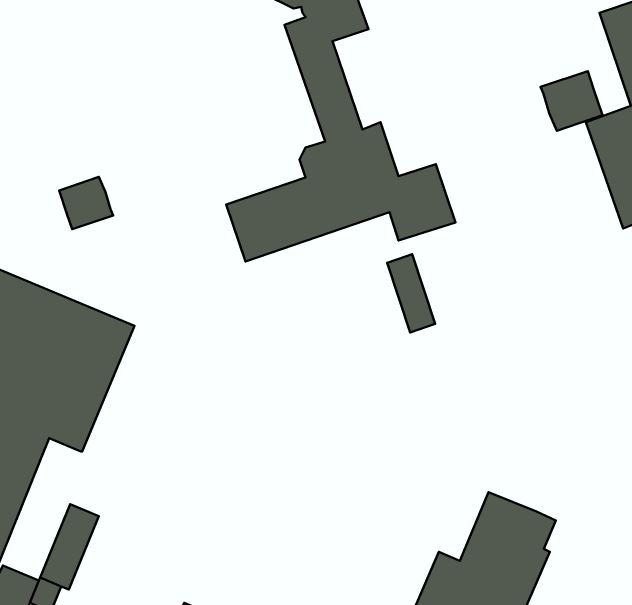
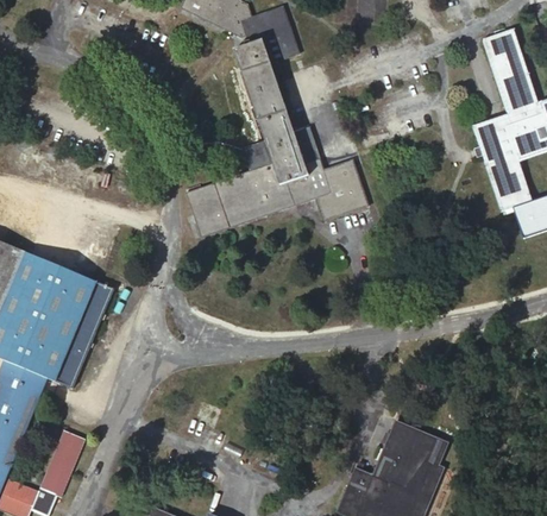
building: [540,71,602,131] -> none
building: [59,177,113,229] -> none
building: [387,254,435,332] -> none

